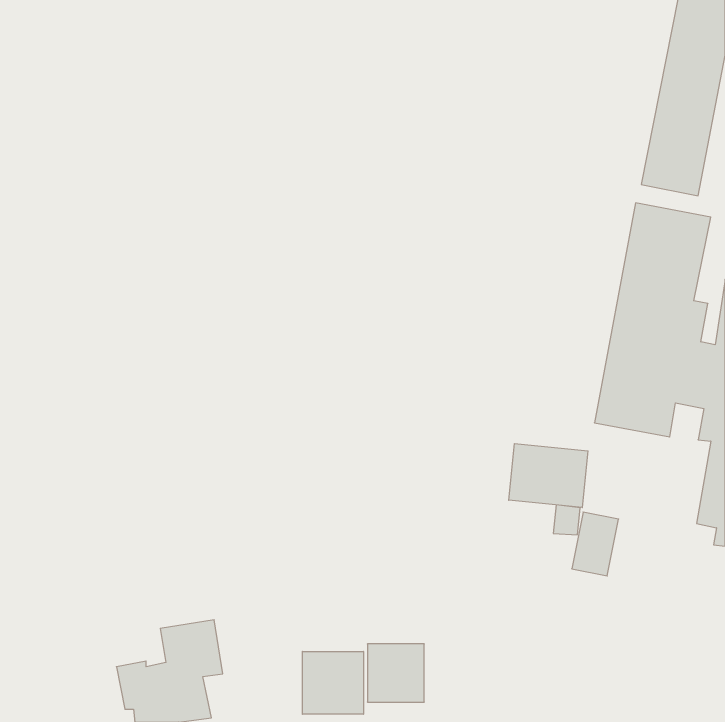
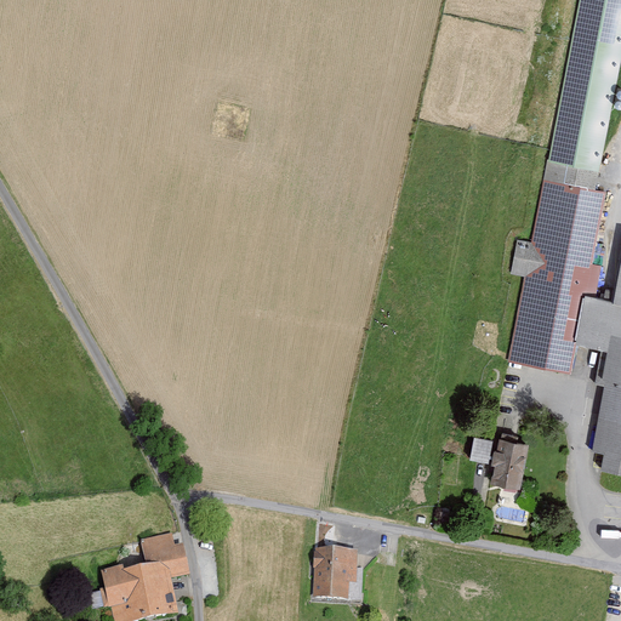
building: [509,444,588,508] -> none
building: [302,651,363,714] -> none

